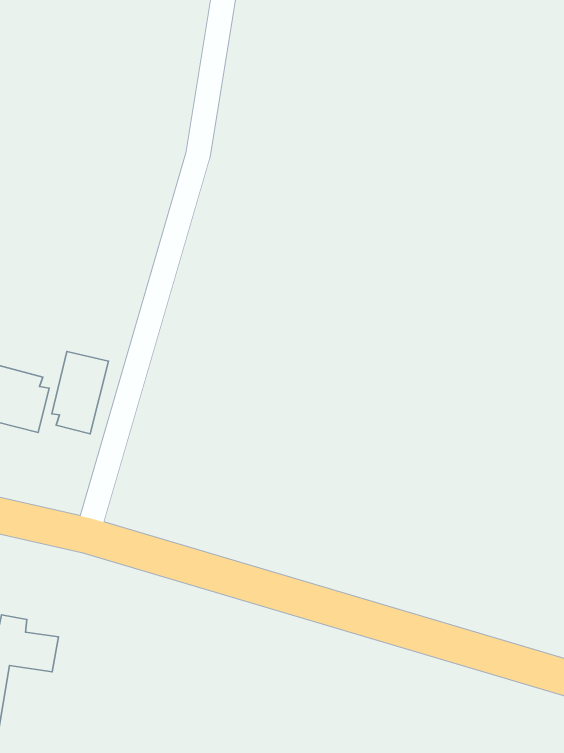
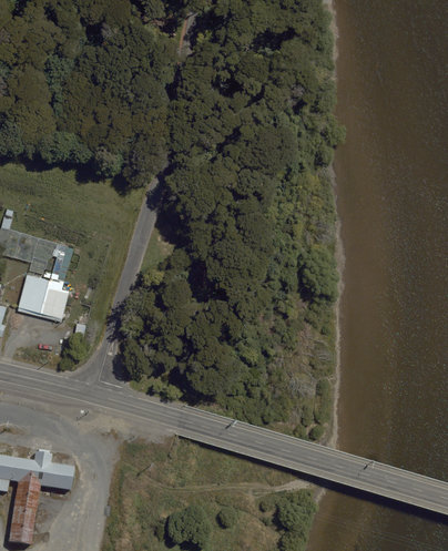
building: [52,352,108,434] -> none

